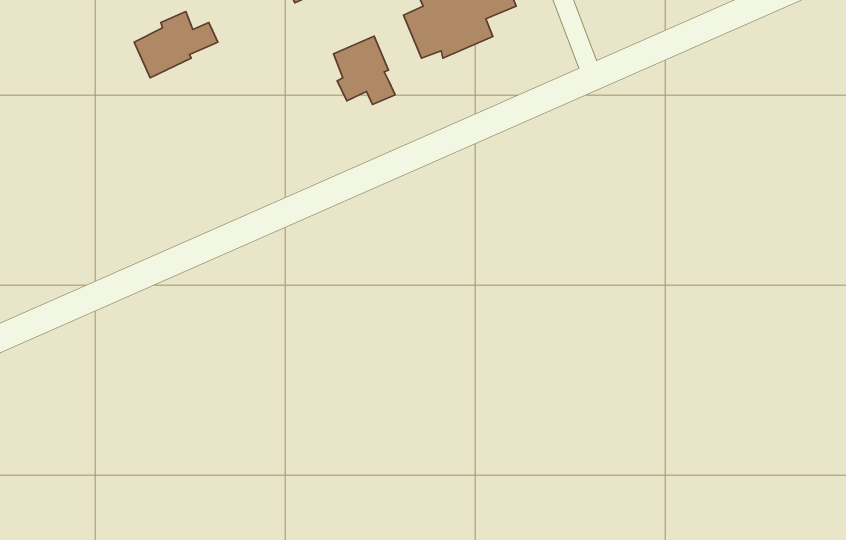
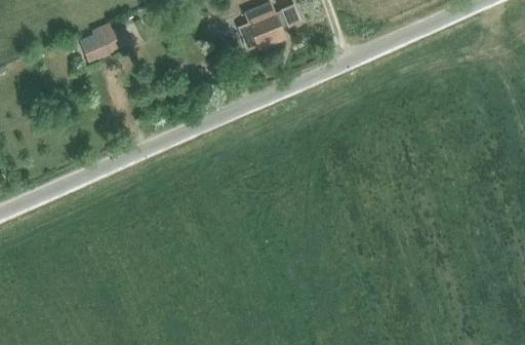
building: [334,36,395,105] -> none

